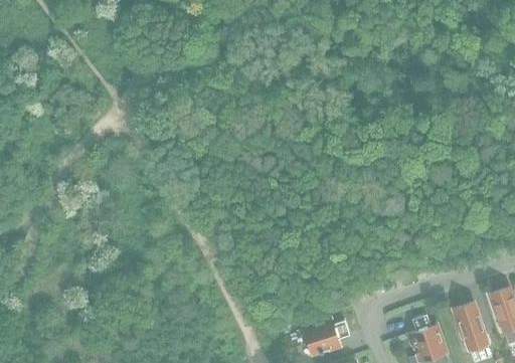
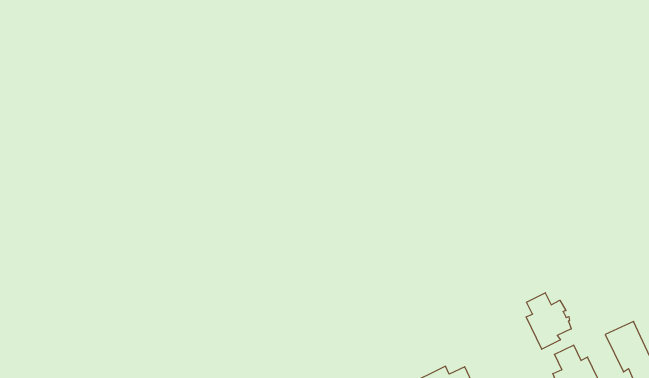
building: none -> [526,293,571,349]

